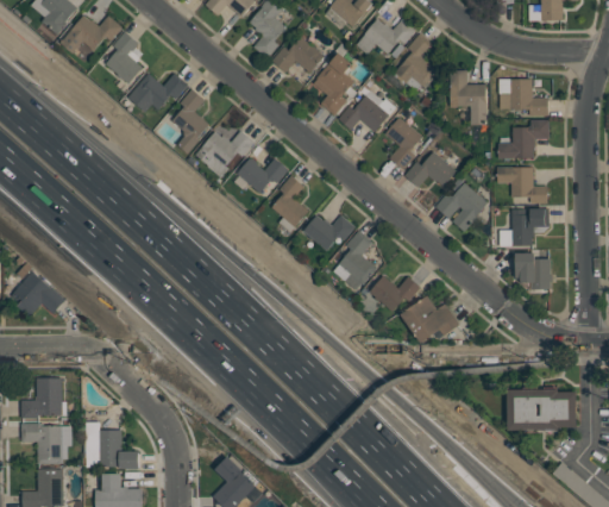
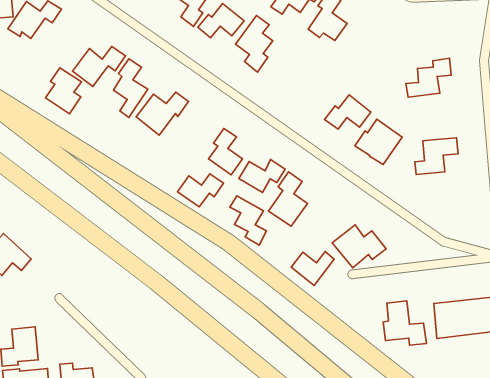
building: [105,33,146,86] -> [45,68,81,114]
building: [450,70,488,125] -> none
building: [500,80,548,117] -> none
building: [338,90,395,132] -> none
building: [385,118,423,170] -> none
building: [237,158,289,194] -> [177,174,224,207]
building: [497,167,548,200] -> none
building: none -> [230,196,267,245]
building: [513,254,552,290] -> none
building: [370,276,419,314] -> [291,251,334,286]
building: none -> [383,301,426,345]

